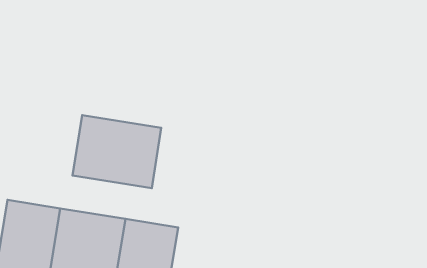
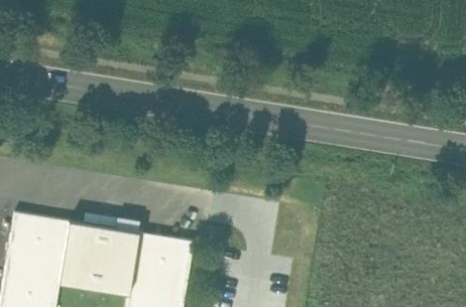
building: [73,115,161,188] -> none

